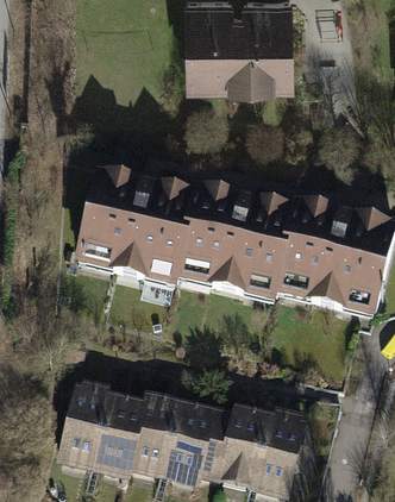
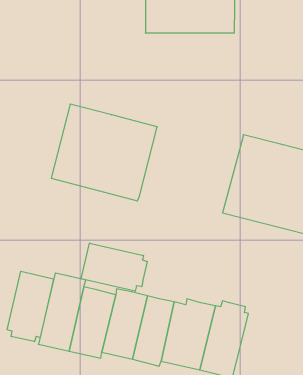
building: [178,189,301,306] -> none
building: none -> [81,243,147,291]
building: none -> [7,271,54,342]

